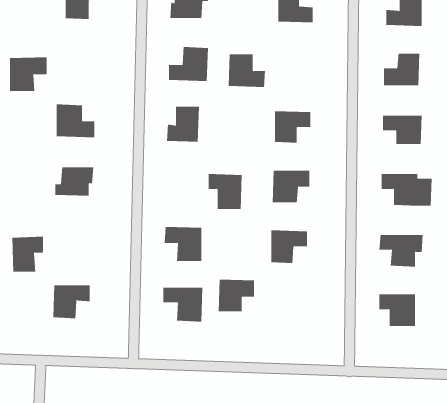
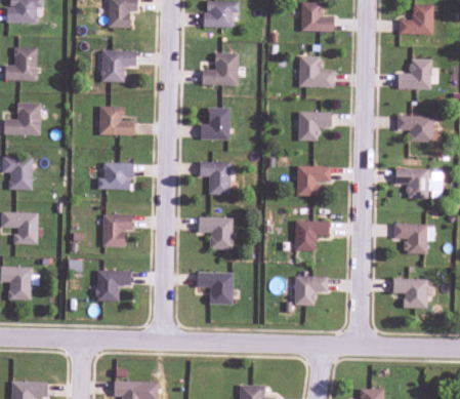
building: [228,54,266,87] -> [298,55,333,86]
building: [9,57,48,92] -> [101,49,136,81]
building: [208,174,243,210] -> [200,161,232,194]
building: [11,236,44,272] -> [102,213,132,246]
building: [218,279,255,312] -> [294,275,328,305]

